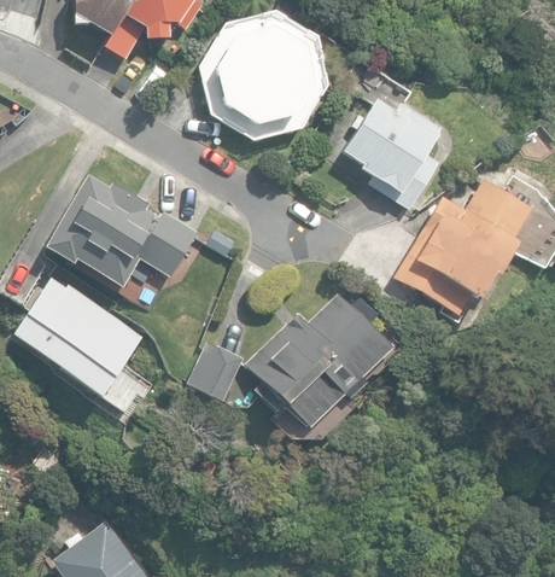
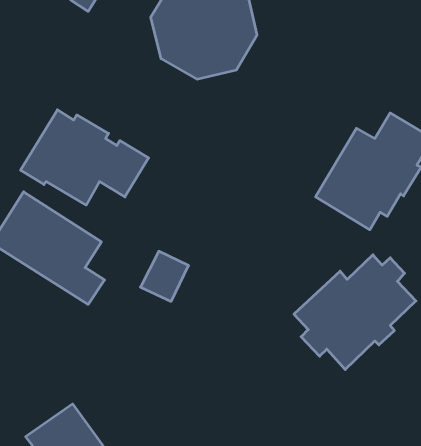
building: [340,103,442,211] -> none
building: [246,295,390,430] -> [294,255,416,370]

